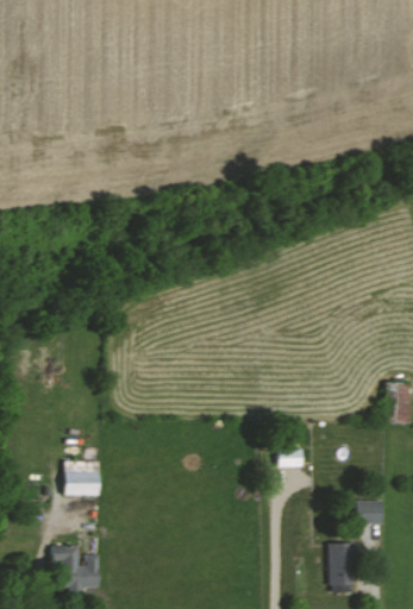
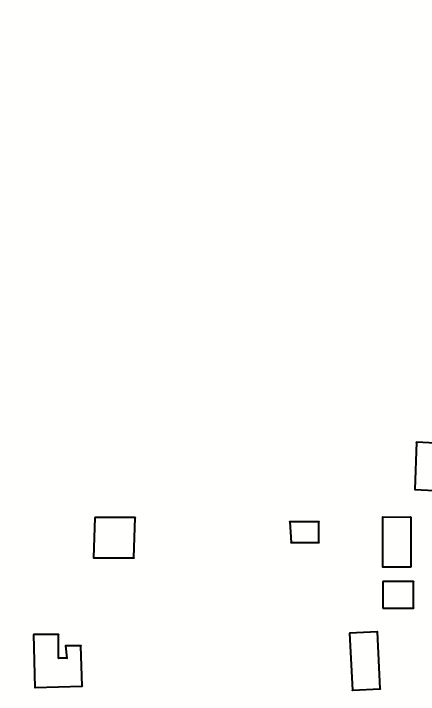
building: none -> [383,517,411,567]
building: [63,460,99,495] -> [94,518,135,558]

